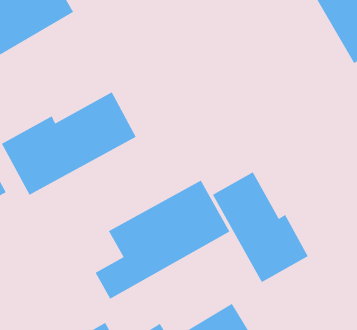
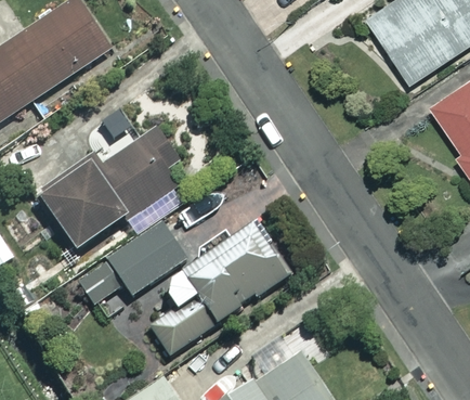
building: [212,171,309,283] -> none
building: none -> [75,223,185,307]

